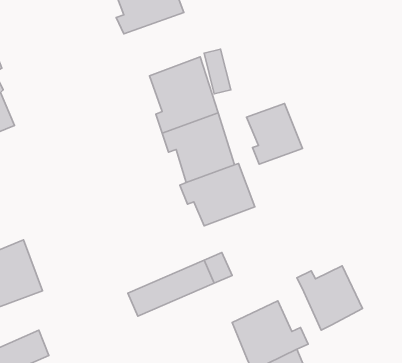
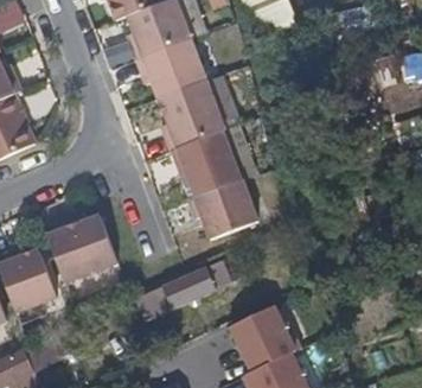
building: none -> [133,37,204,96]
building: [247,104,303,164] -> none
building: none -> [45,212,115,280]
building: [297,266,362,330] -> none

